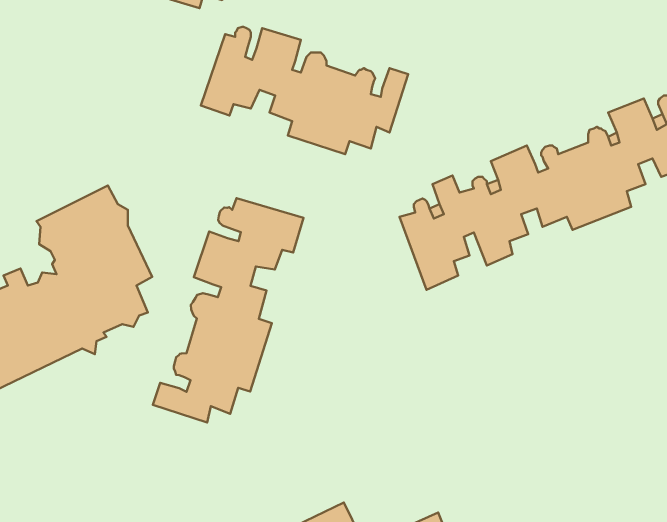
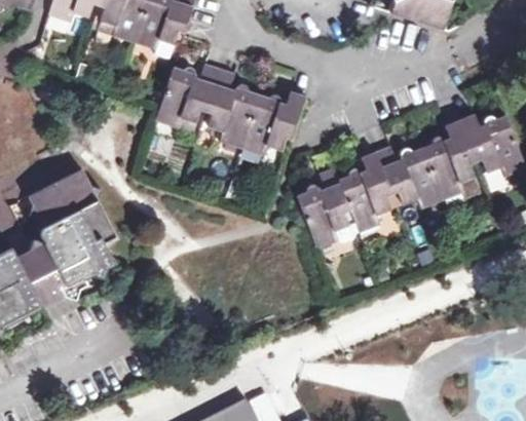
building: [153,198,304,423] -> none

